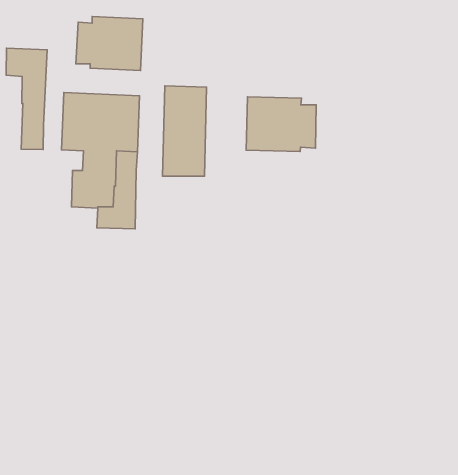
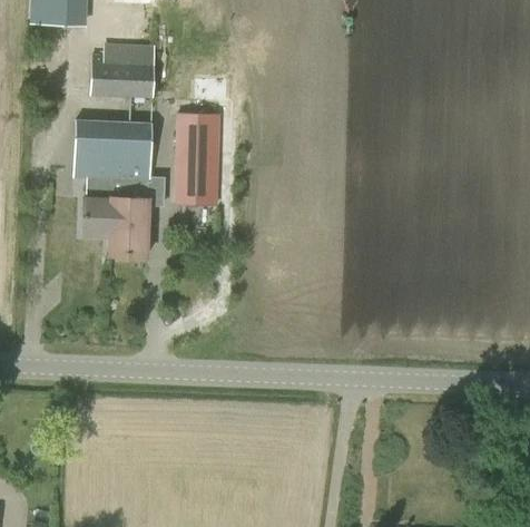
building: [6,48,47,149] -> none
building: [246,97,316,152] -> none

